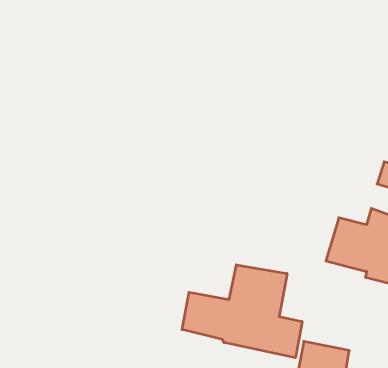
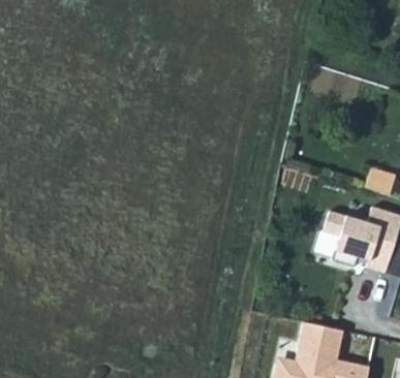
building: [182,265,302,358] -> none

